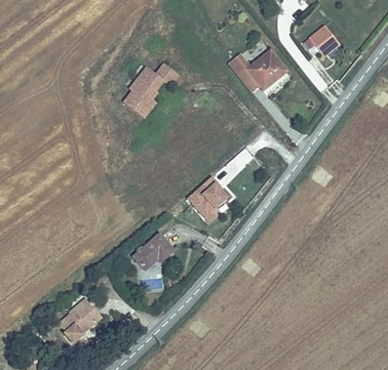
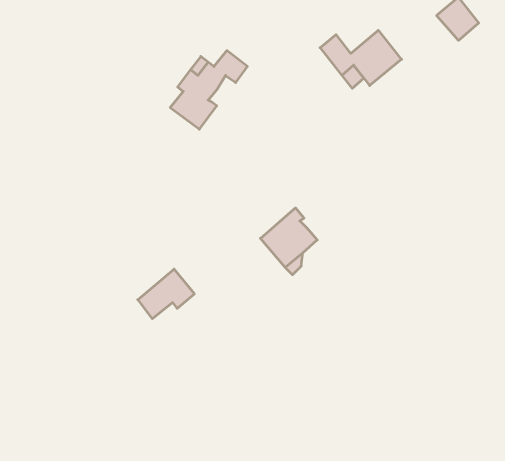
building: [134,235,174,270] -> [138,269,194,319]
building: [61,302,103,345] -> none

